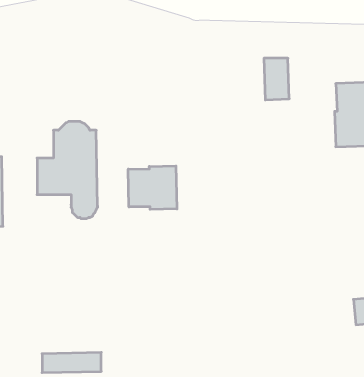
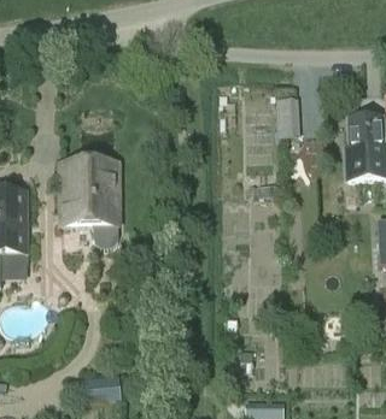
building: [128,166,177,209] -> none

